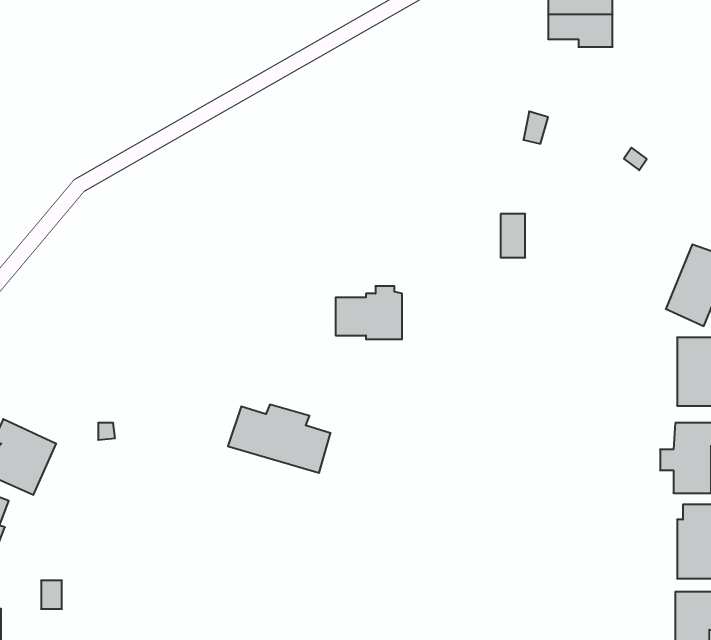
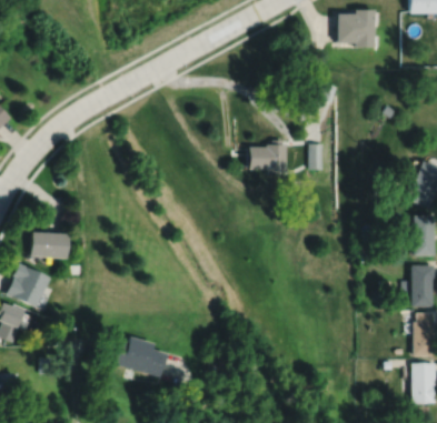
building: [336,286,402,339] -> [249,140,288,171]
building: none -> [31,232,69,259]
building: [228,405,331,473] -> [108,338,168,377]

